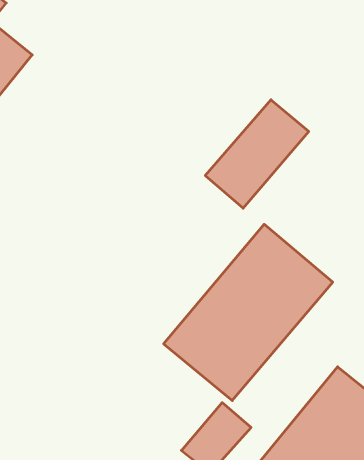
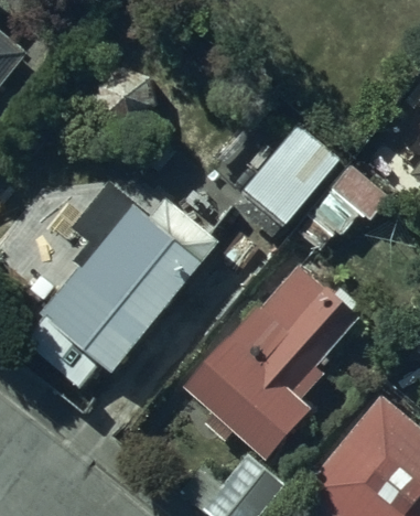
building: none -> [24,213,204,405]

